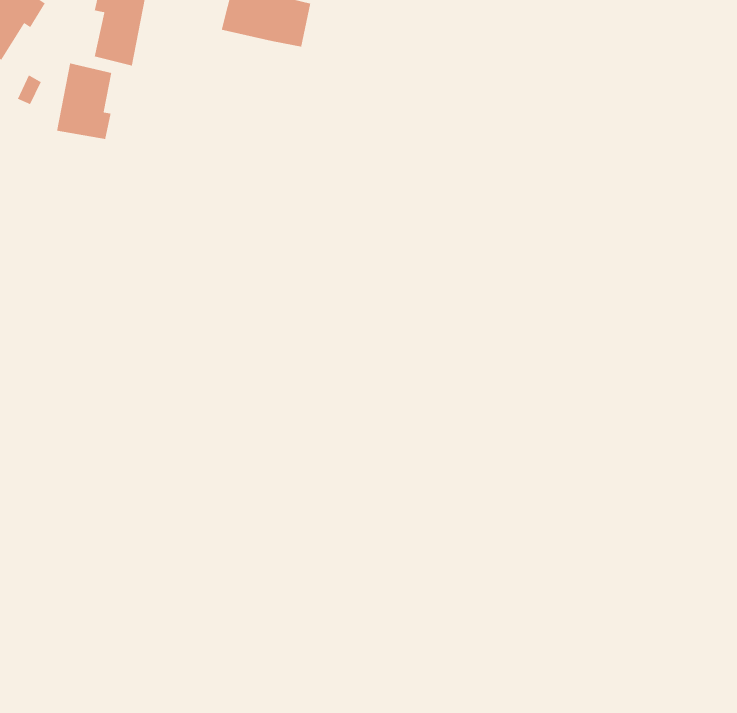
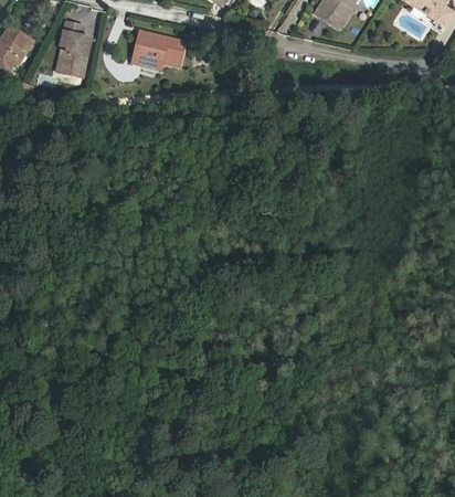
building: [56,63,112,140] -> none

